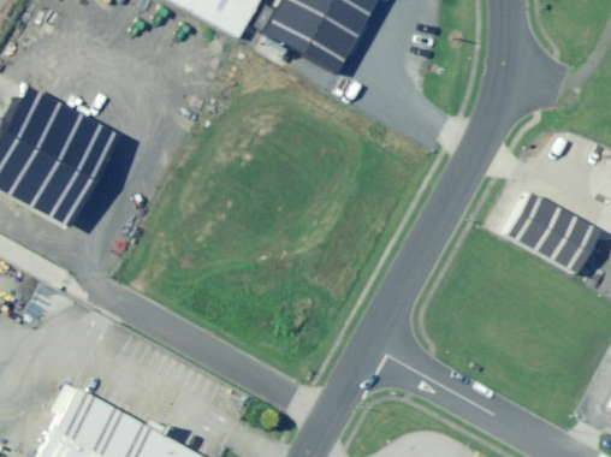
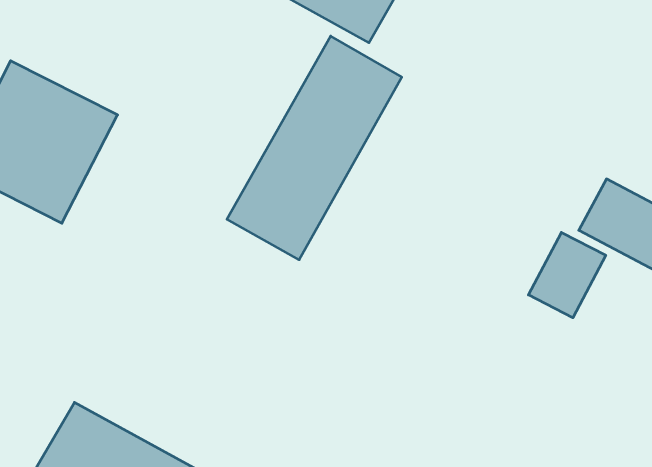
building: none -> [227,36,402,260]
building: none -> [528,232,606,318]

